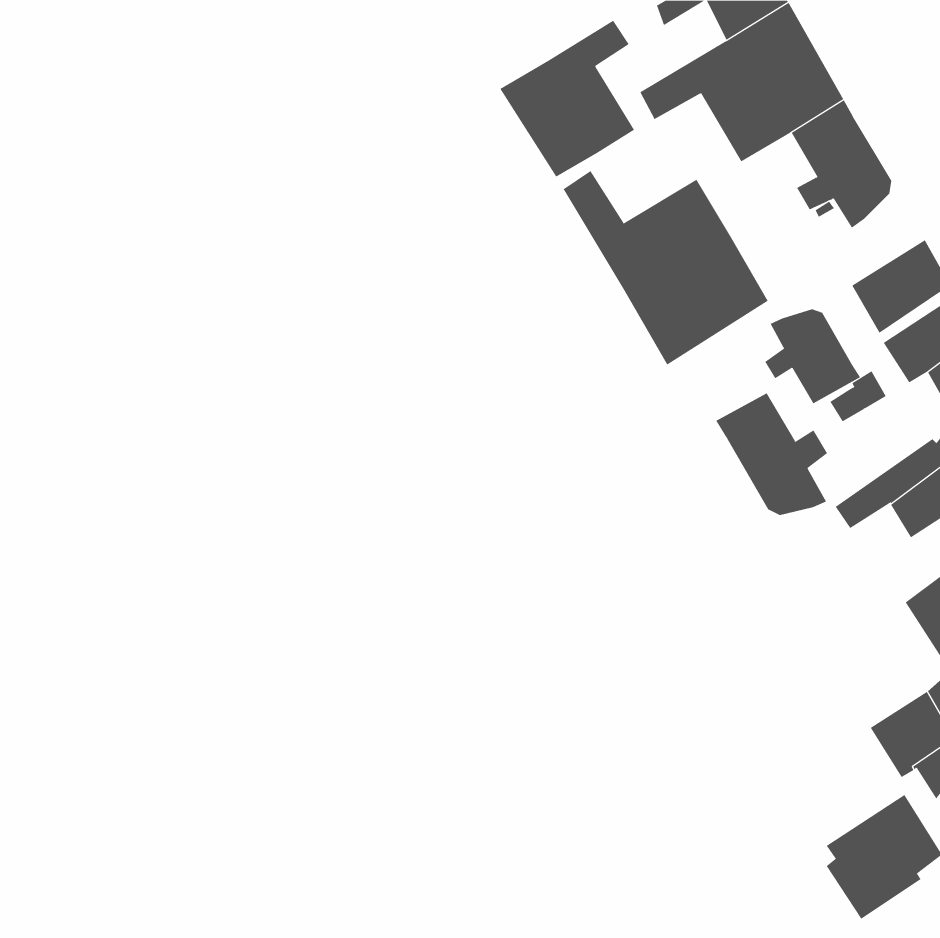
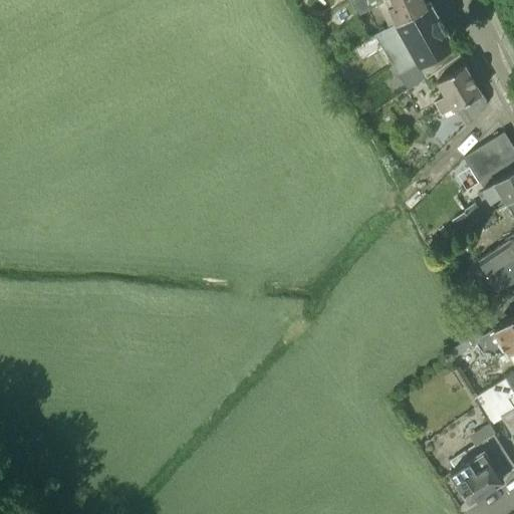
building: [499,20,635,178] -> none
building: [563,170,769,366] -> none
building: [765,309,861,404] -> none
building: [716,392,828,516] -> none

